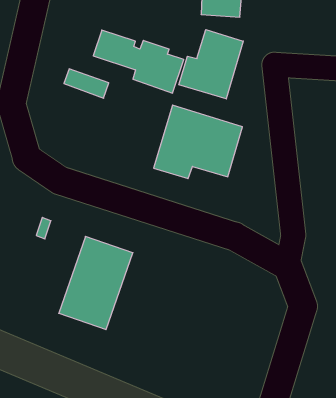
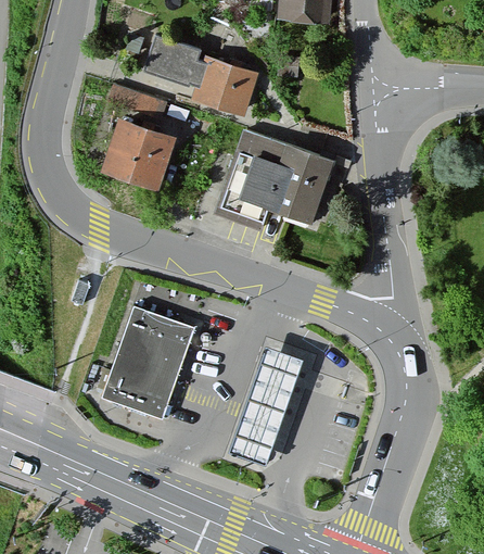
building: [179,30,243,99] -> none
building: none -> [100,121,175,192]
building: none -> [226,344,305,467]

